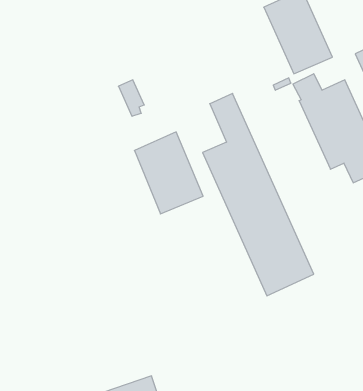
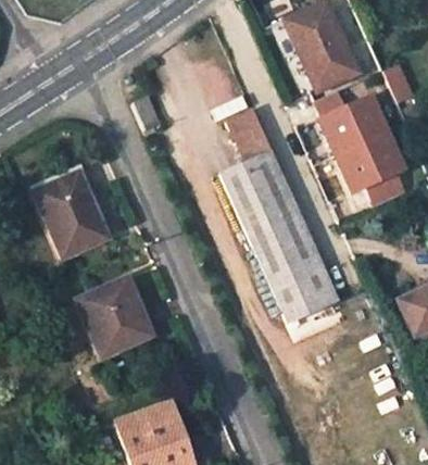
building: [134,132,203,214] -> [35,171,106,256]
building: none -> [78,279,151,355]

